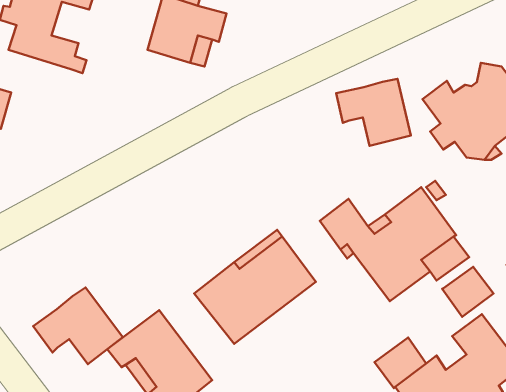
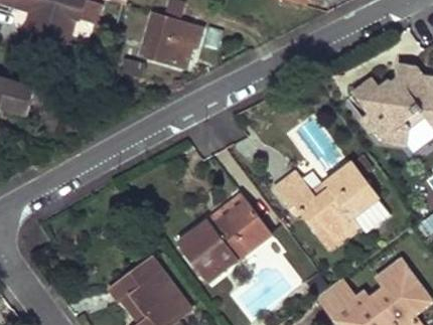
building: [336,79,411,146] -> none
building: [442,267,494,317] -> none
building: [33,287,123,364] -> none

